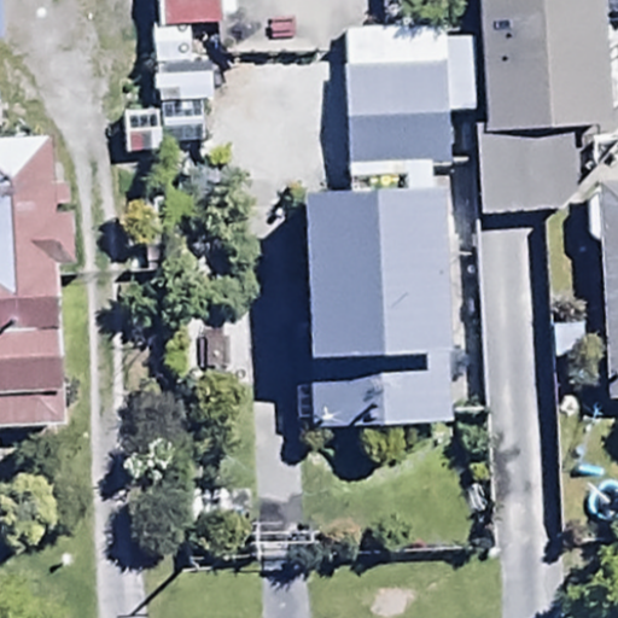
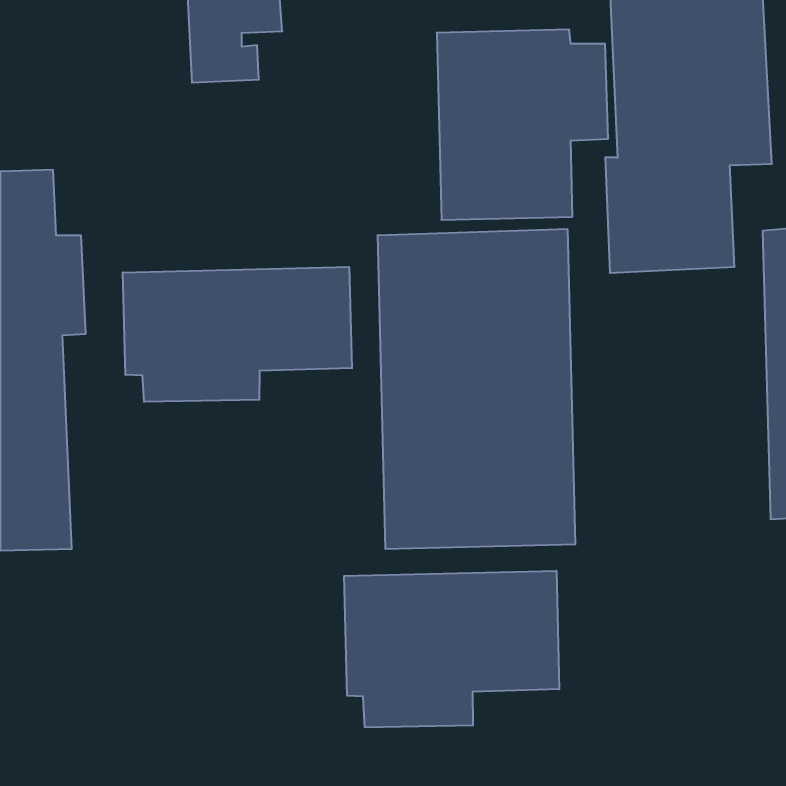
building: none -> [123,267,352,402]
building: none -> [344,571,559,727]

